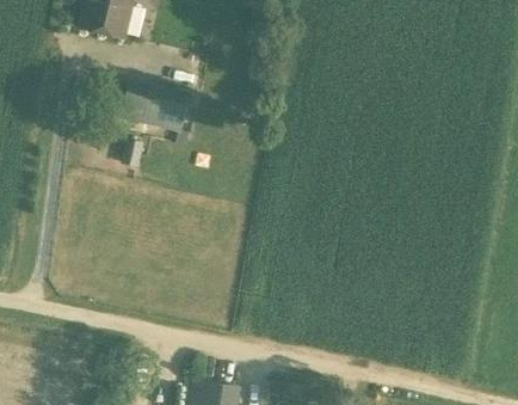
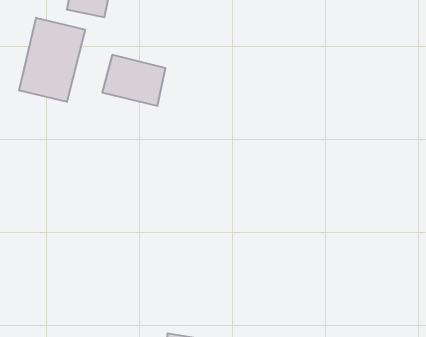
building: none -> [19,18,85,102]

